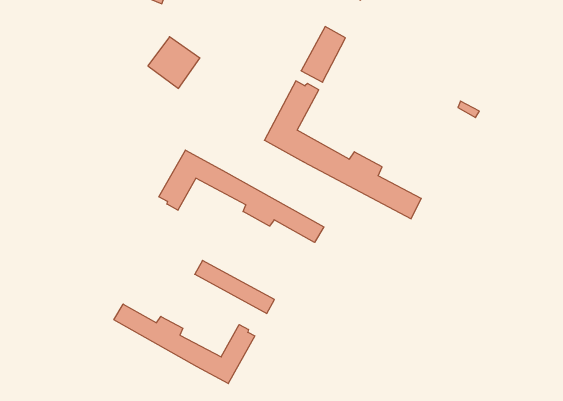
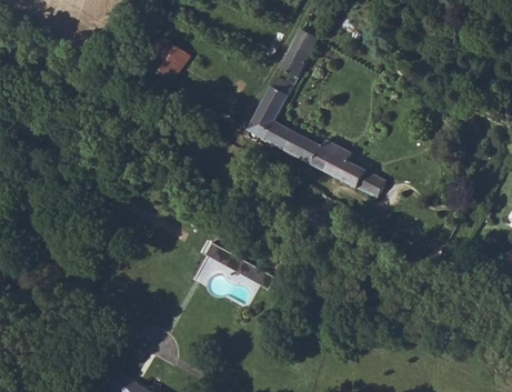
building: [159,150,324,242] -> none
building: [114,304,255,384] -> none

